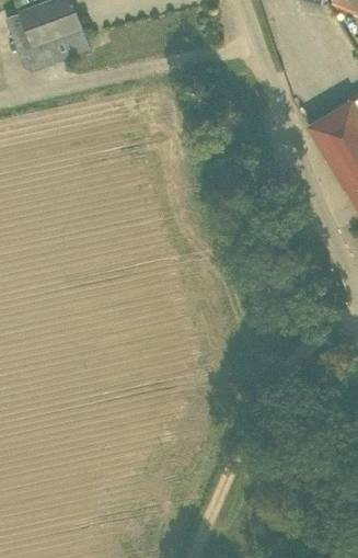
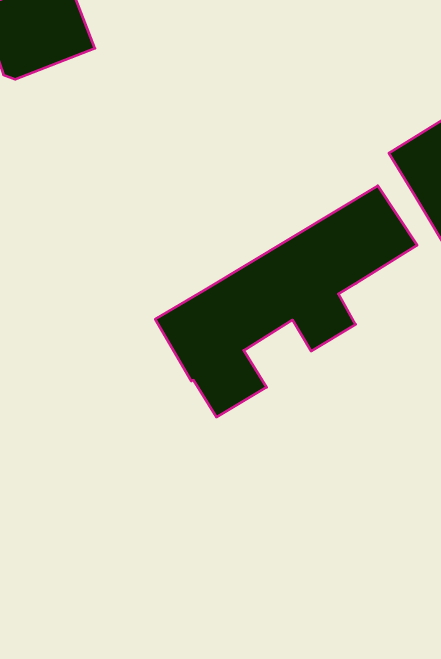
building: none -> [155,186,417,417]

